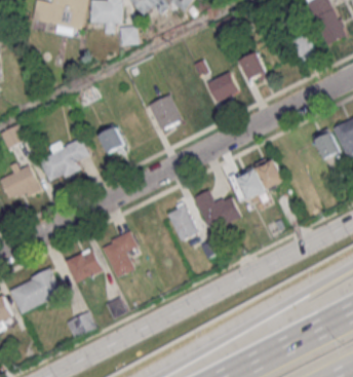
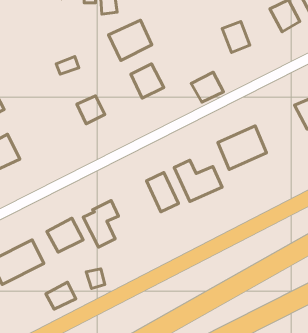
building: none -> [108,20,152,60]
building: [208,71,240,101] -> [191,72,223,102]
building: [40,137,91,181] -> none

